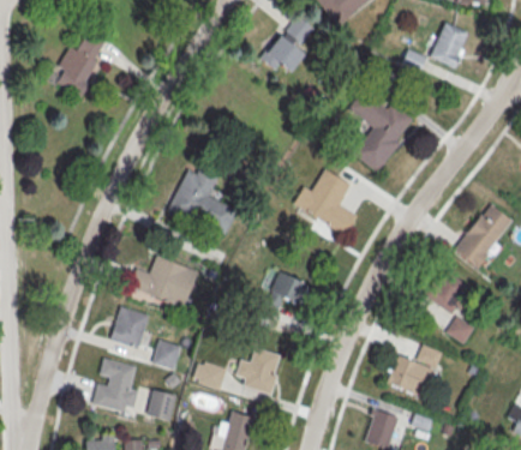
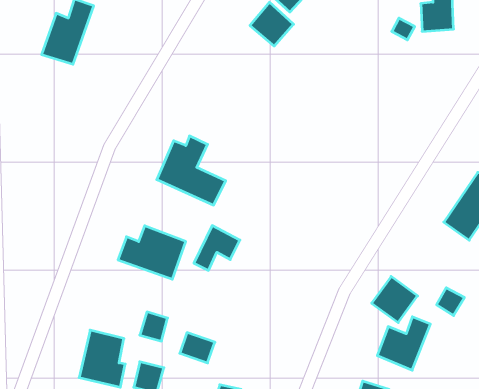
building: [348,91,414,173] -> none
building: [293,169,357,235] -> none
building: [426,269,472,314] -> [372,276,418,323]
building: [262,270,307,314] -> [194,226,240,270]
building: [110,306,149,348] -> none
building: [235,348,281,394] -> none

